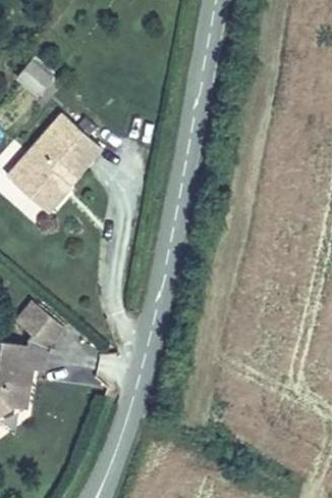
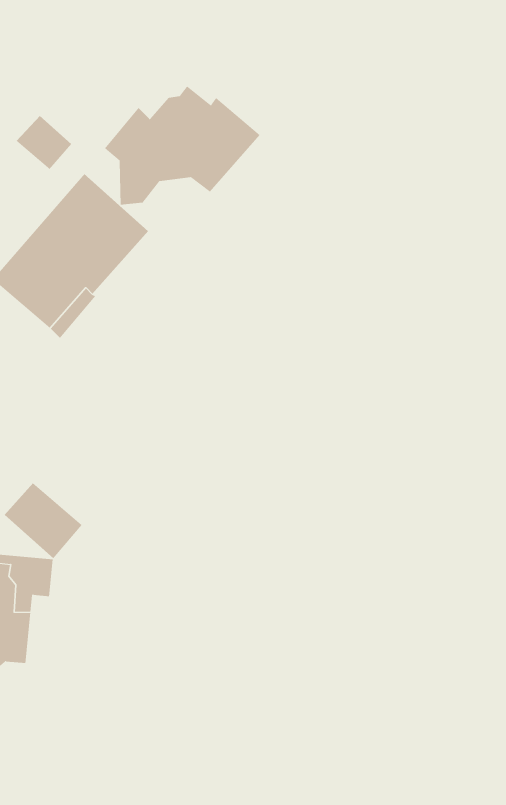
building: none -> [104,85,260,206]

